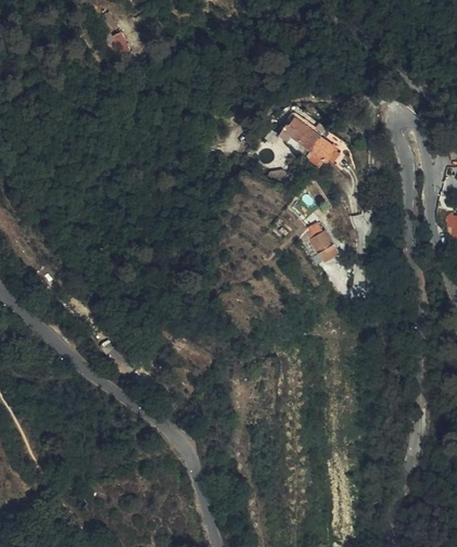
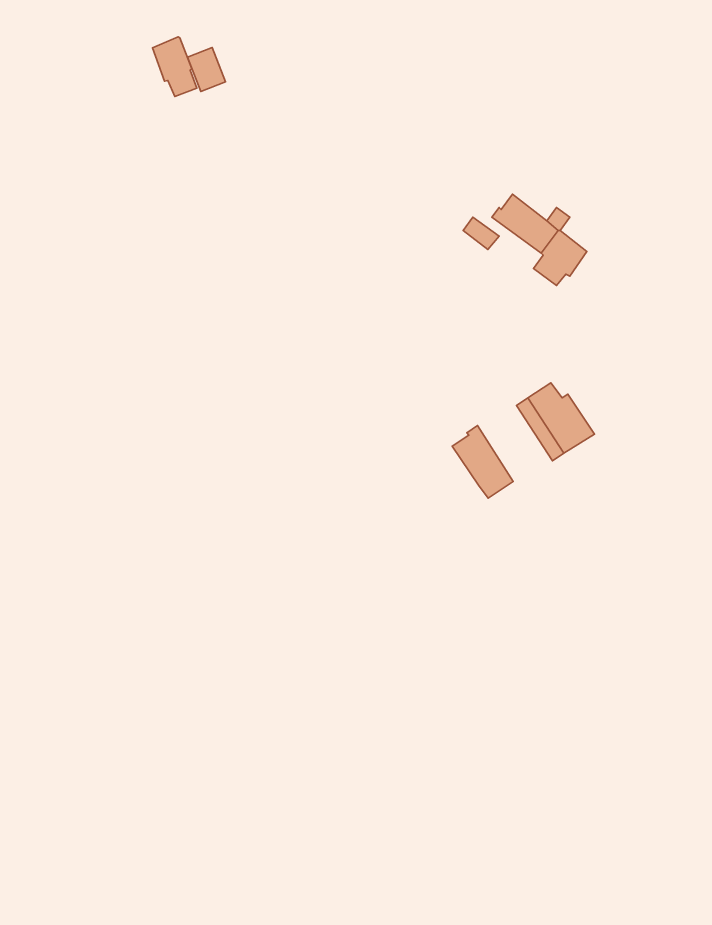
building: none -> [153,37,197,97]
building: none -> [452,426,513,498]

